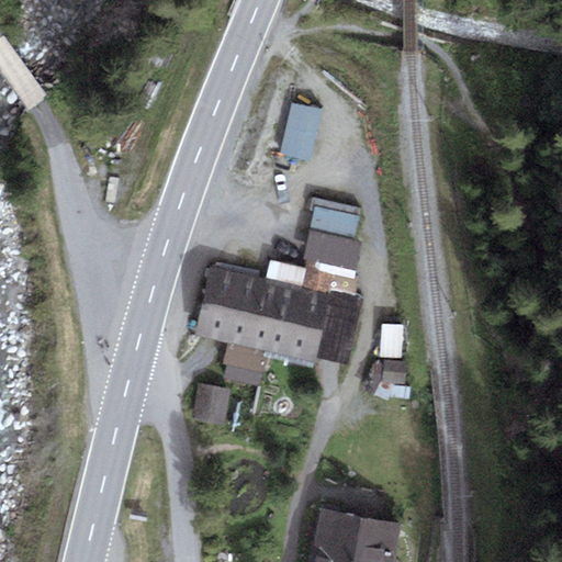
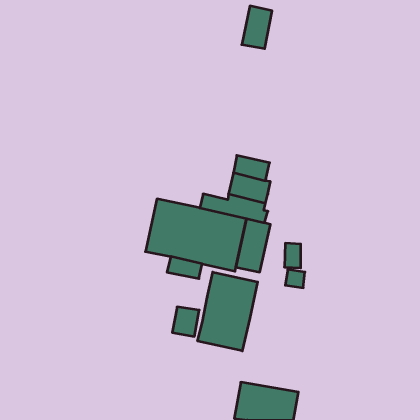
building: [281,103,322,160] -> [242,6,272,49]
building: none -> [198,272,258,351]
building: [193,384,229,424] -> [172,307,199,336]

